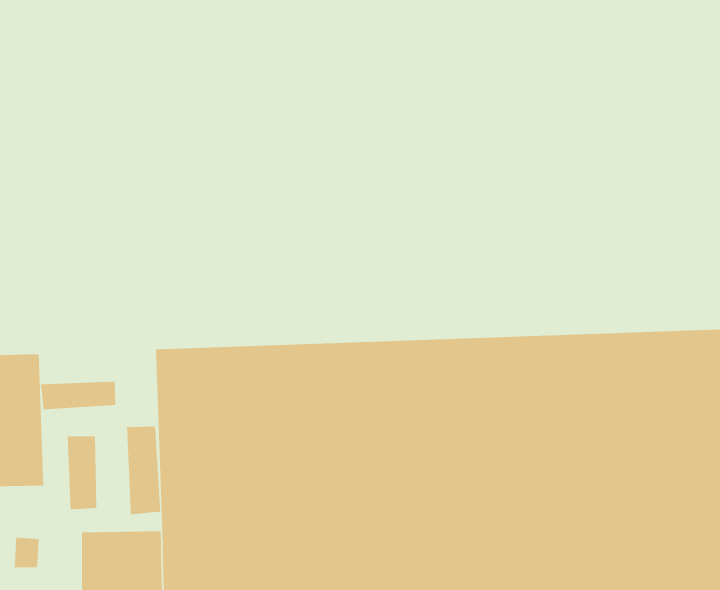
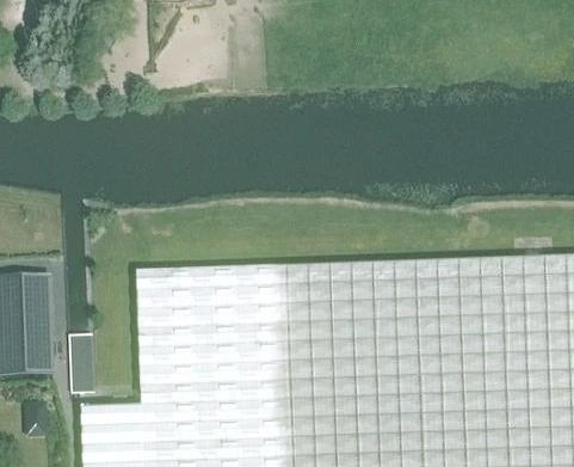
building: [41,381,116,410] -> none
building: [127,426,161,515] -> none

